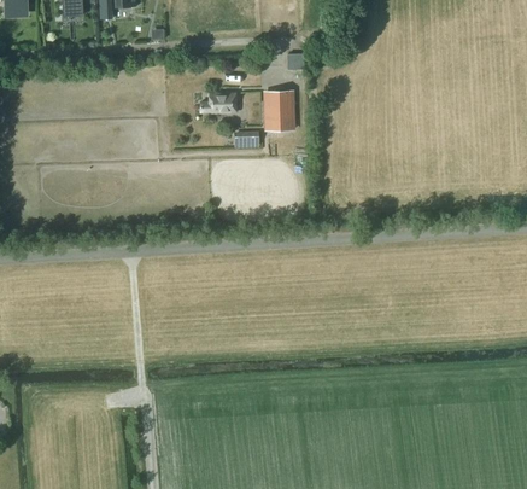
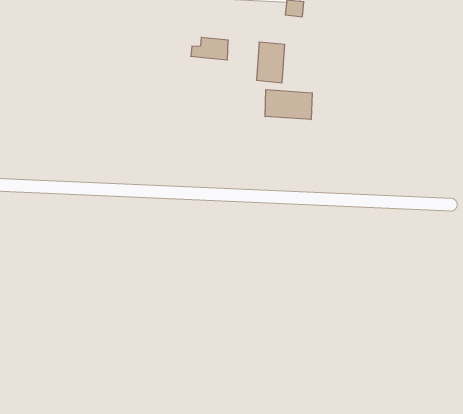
building: none -> [265,90,312,120]

